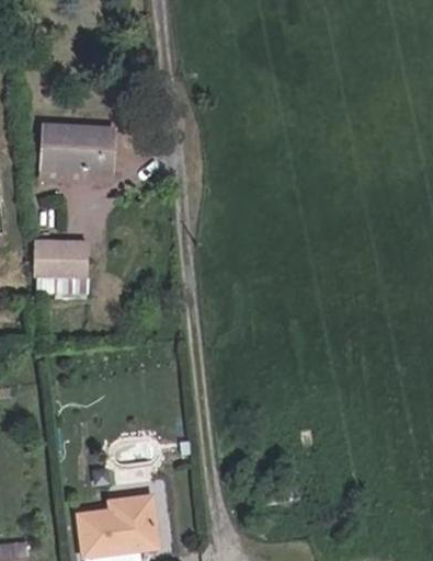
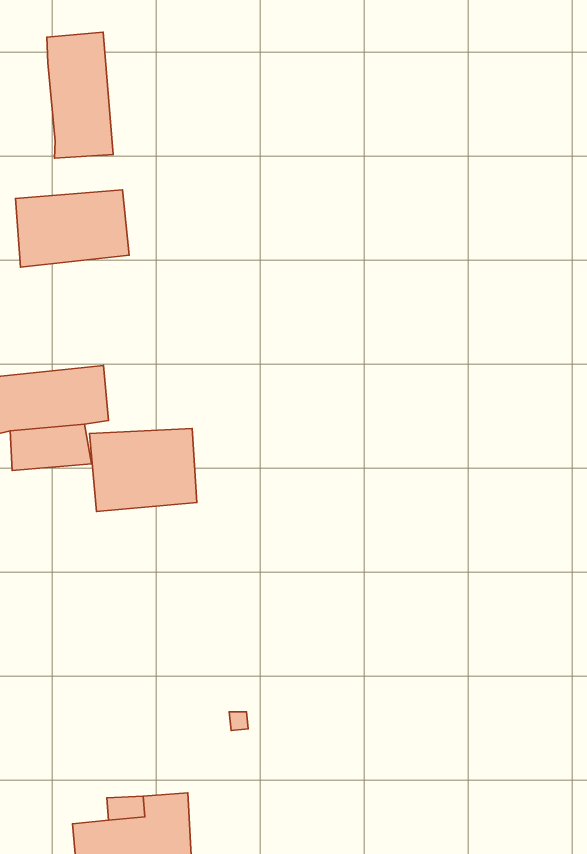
building: none -> [47,32,113,158]
building: none -> [89,428,197,511]

